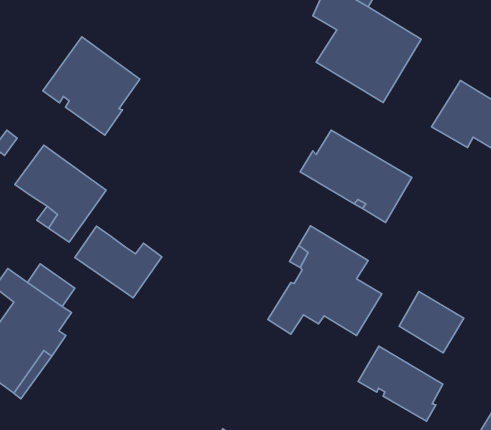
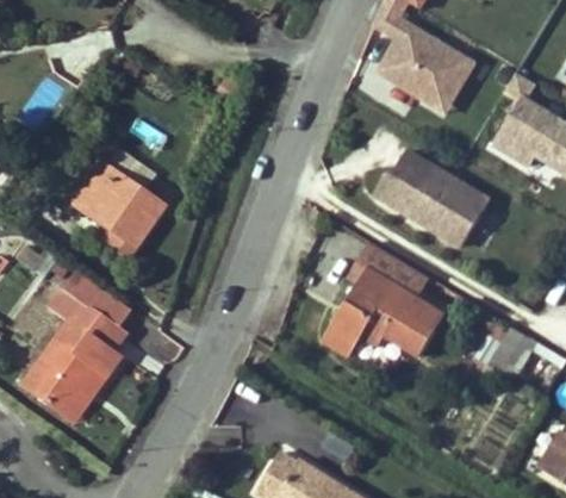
building: [43,37,140,135] -> none
building: [75,226,162,298] -> none
building: [358,346,443,421] -> none

